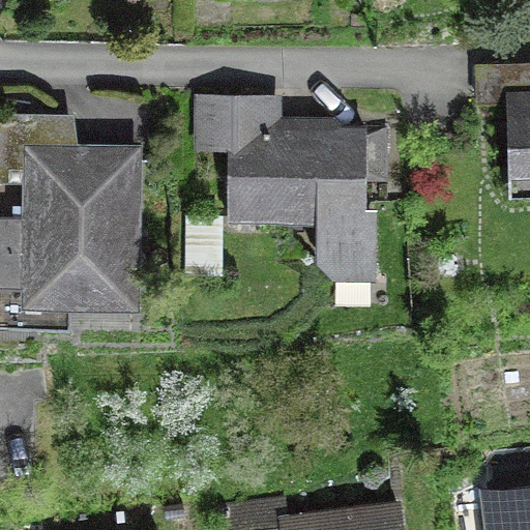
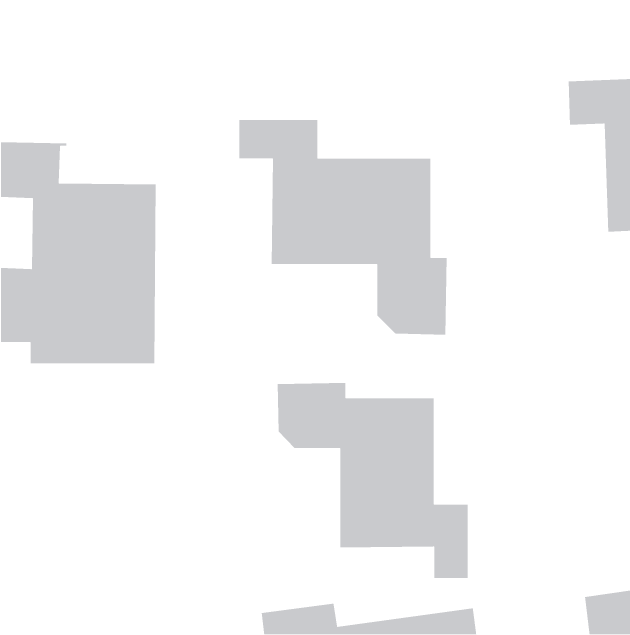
building: none -> [277,382,469,579]

